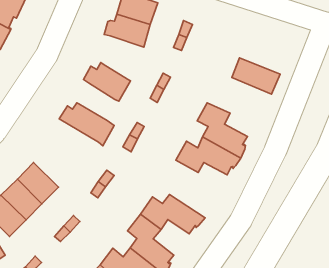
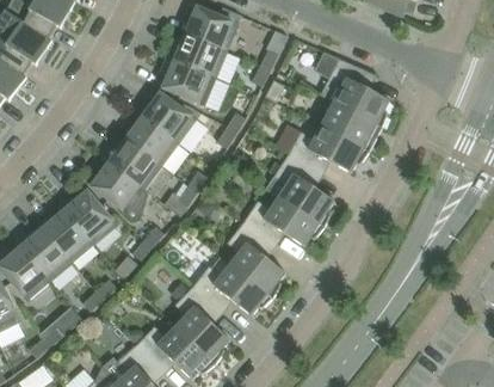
building: none -> [320,59,389,127]
building: none -> [161,57,215,104]
building: none -> [288,125,369,172]
building: none -> [125,116,178,165]
building: none -> [92,158,148,221]
building: none -> [58,190,116,242]
building: none -> [227,222,285,297]

